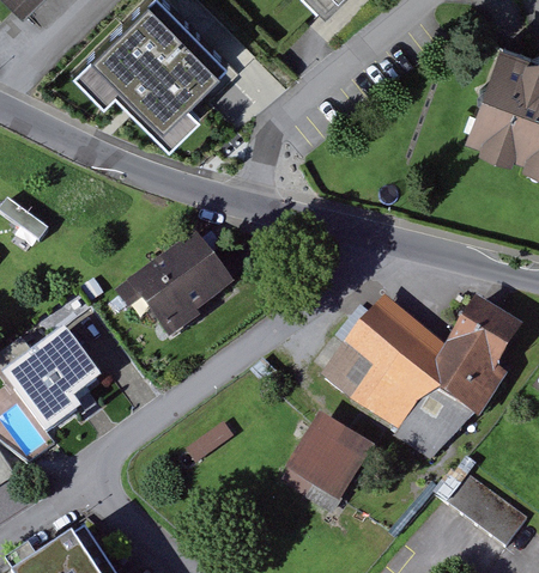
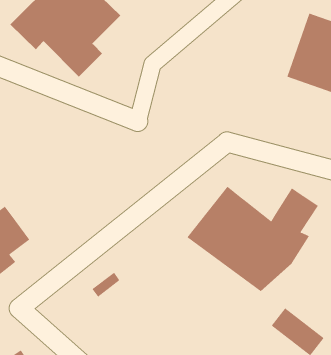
building: [133,234,238,335] -> none
building: [290,415,375,501] -> none

